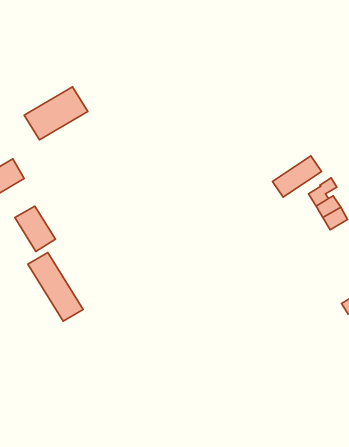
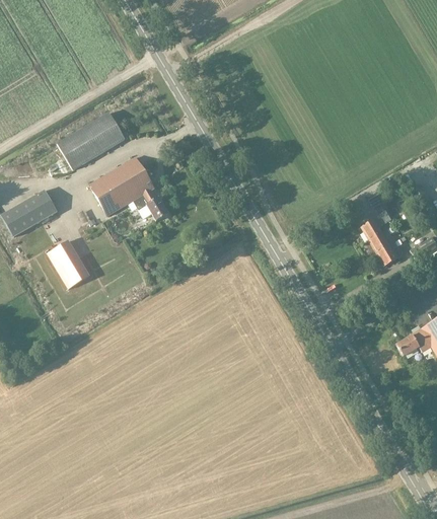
building: none -> [89,157,168,221]
building: [272,156,322,197] -> none
building: [28,253,83,321] -> none

